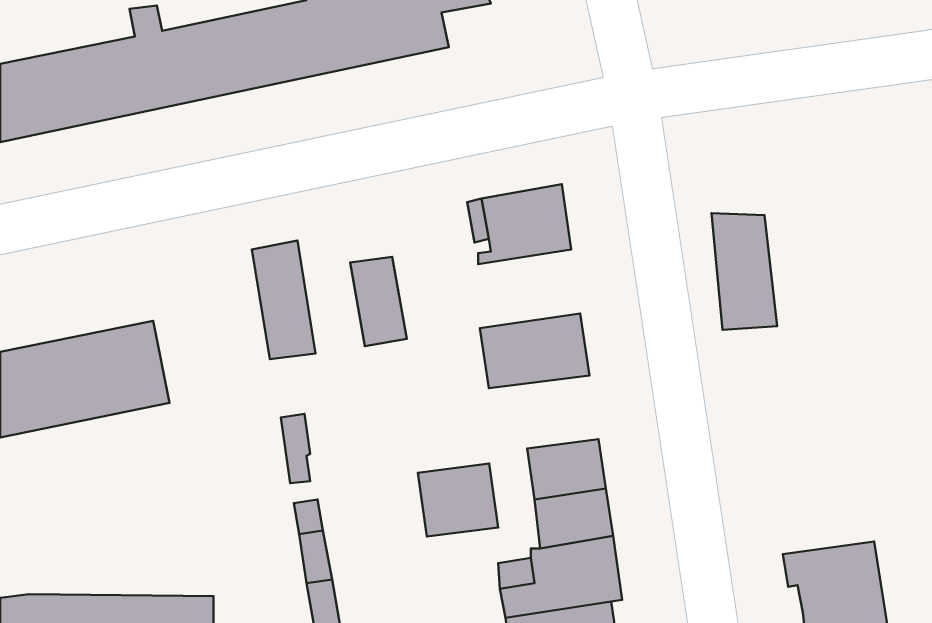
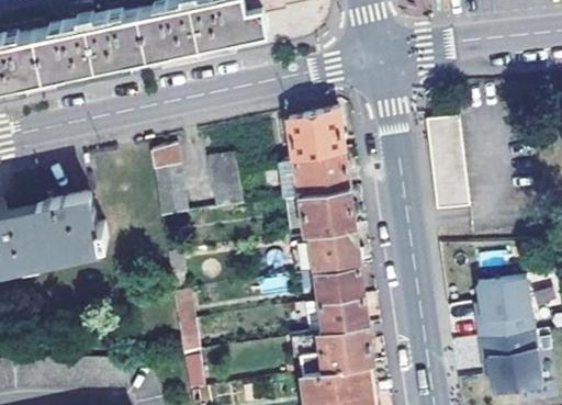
building: none -> [282,154,349,201]
building: none -> [469,274,526,337]
building: [418,464,498,536] -> [312,229,360,273]

